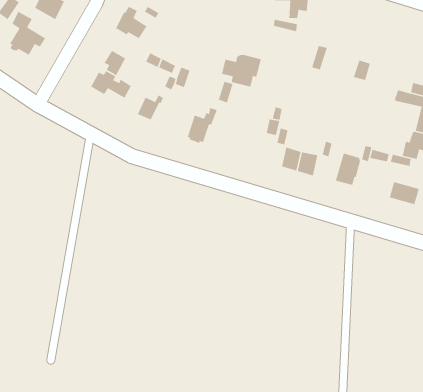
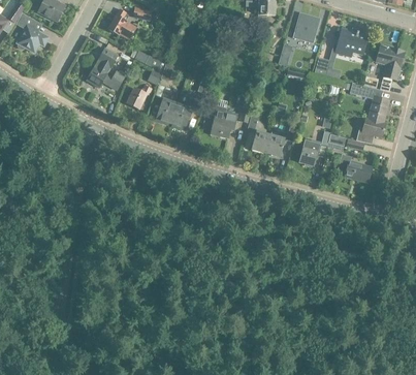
building: none -> [292,12,316,41]
building: none -> [334,28,366,57]
building: [221,54,262,87] -> [201,110,236,138]
building: none -> [156,88,175,124]

